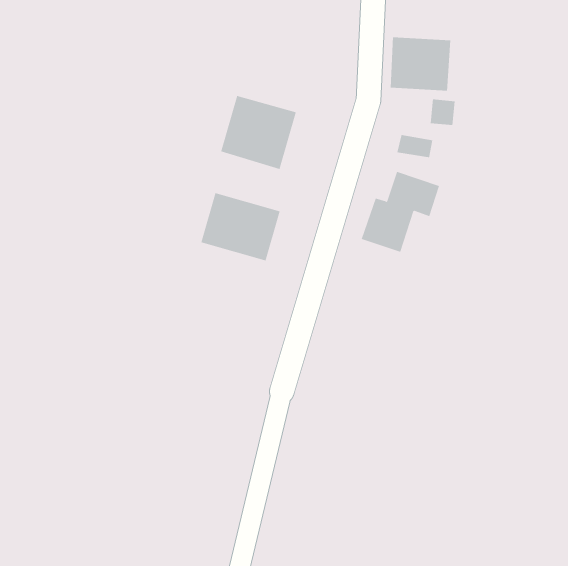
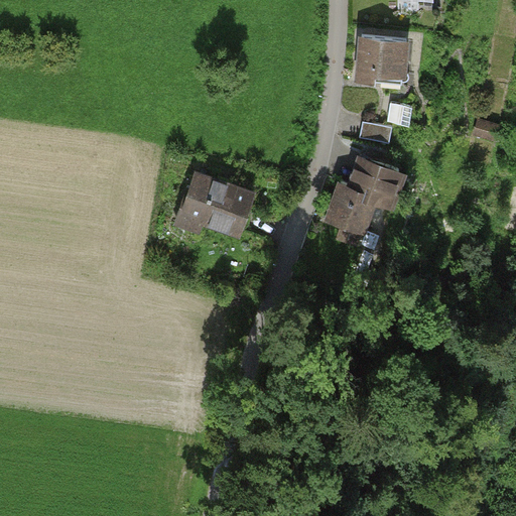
building: [221,95,297,170] -> none

